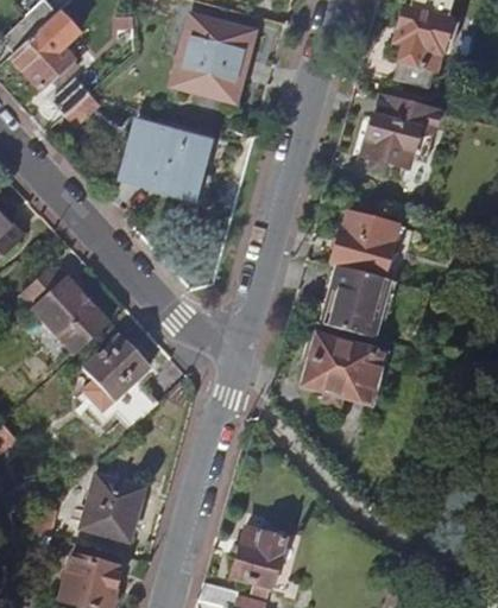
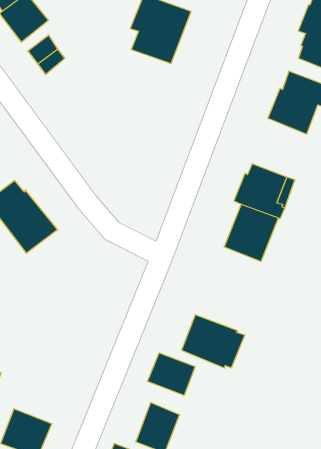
building: [124,120,209,195] -> none
building: [83,330,151,397] -> none
building: [304,336,383,400] -> [182,315,245,368]
building: none -> [148,353,195,395]
building: [82,470,147,539] -> none

